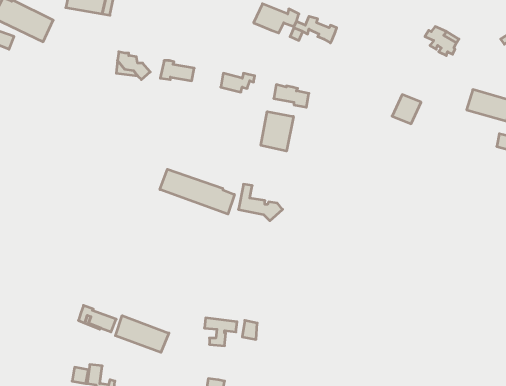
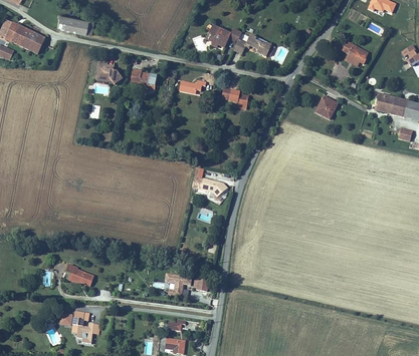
building: [261,112,293,151] -> none
building: [160,169,234,214] -> none
building: [115,316,169,352] -> none

